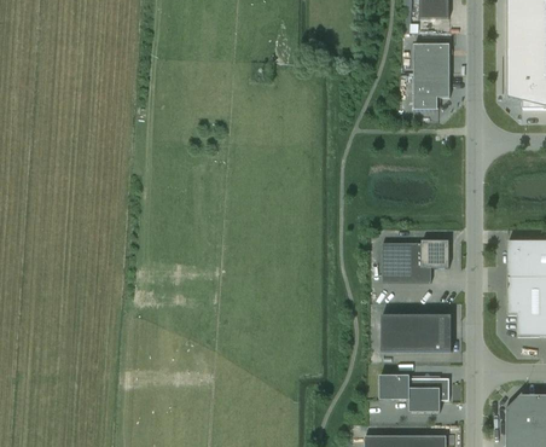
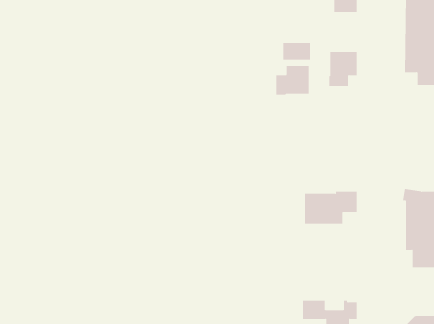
building: [414,45,449,66] -> [283,43,311,60]
building: none -> [276,65,309,96]
building: [382,315,452,352] -> none

